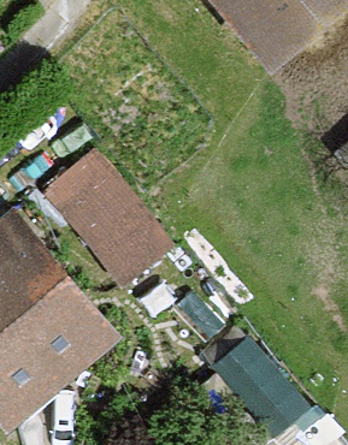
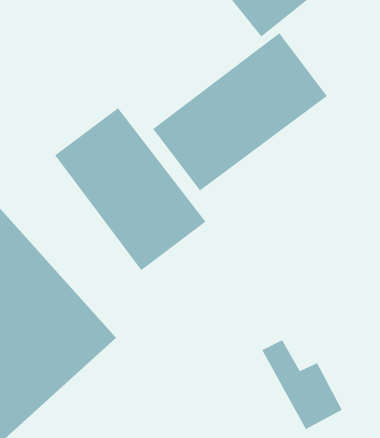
building: none -> [152,32,328,191]

